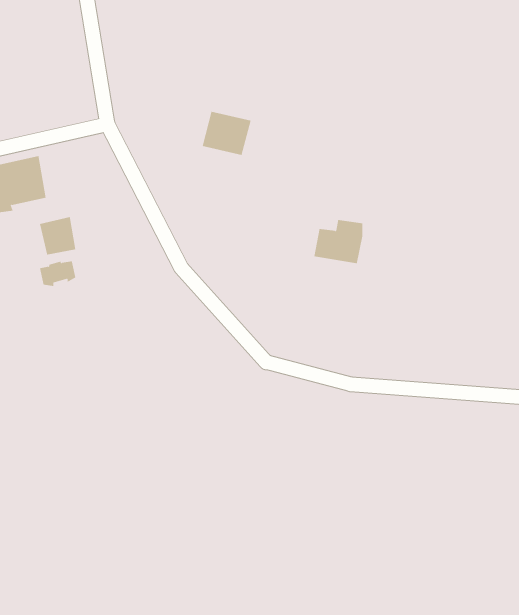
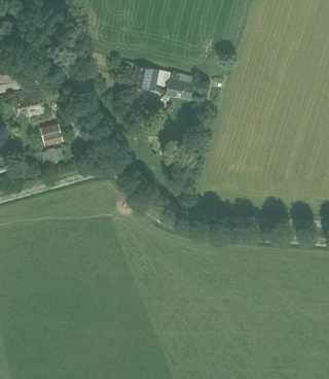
building: [313,219,363,264] -> [166,73,193,98]

